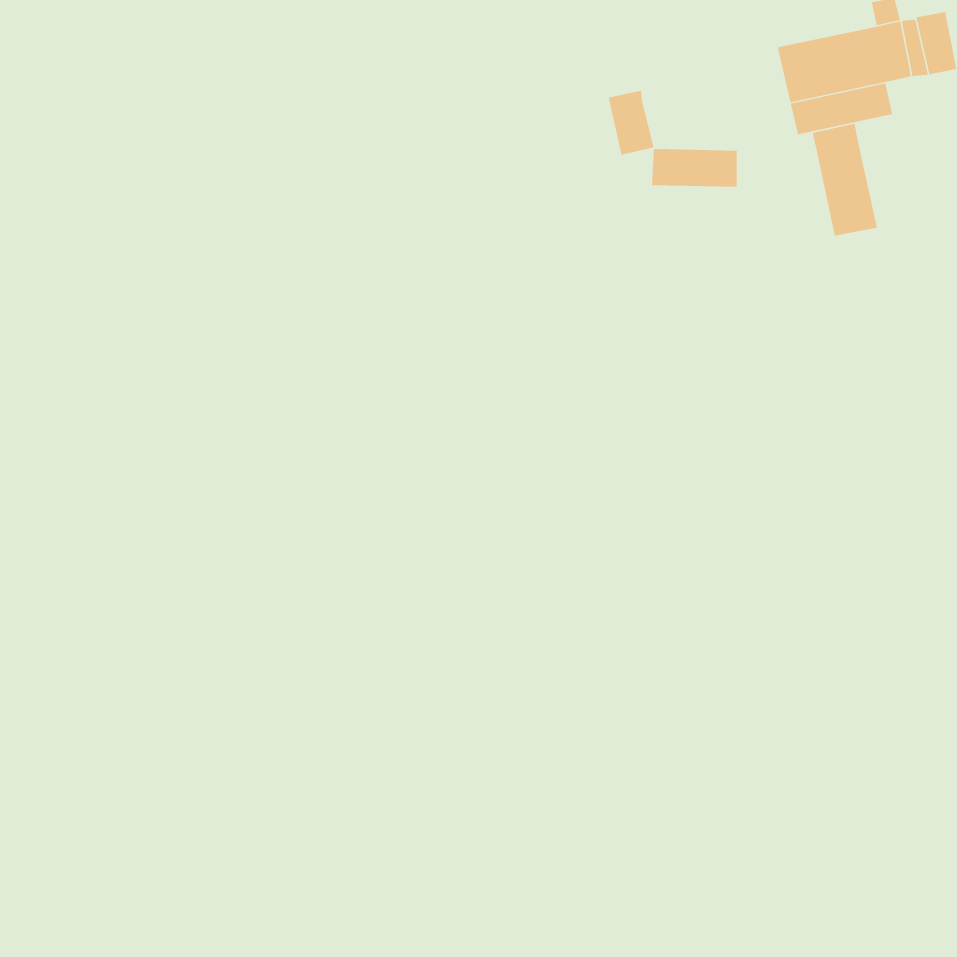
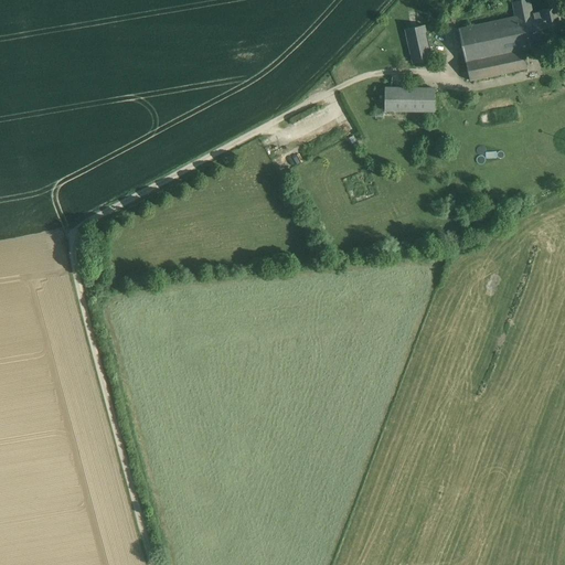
building: [608,90,655,155] -> [404,24,431,63]
building: [812,123,878,236] -> none

